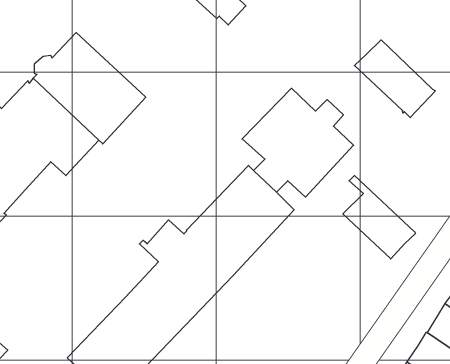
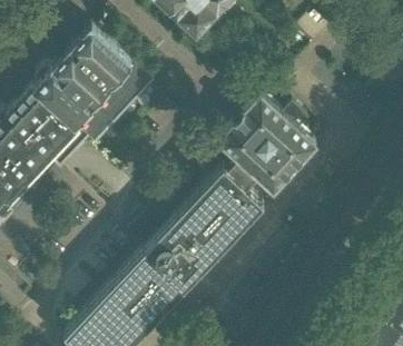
building: none -> [73,27,154,105]
building: [354,40,435,118] -> none
building: [343,176,415,259] -> none

